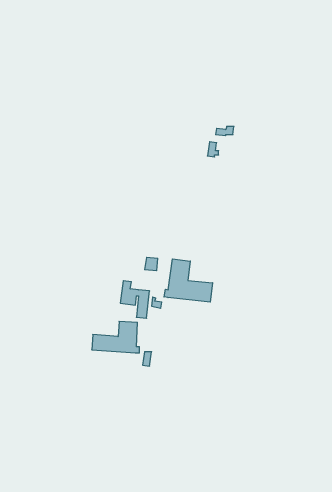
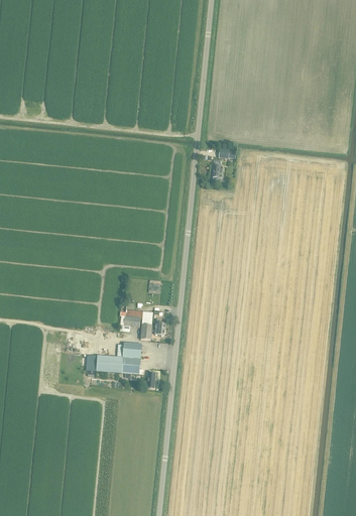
building: [164,259,213,302] -> none

